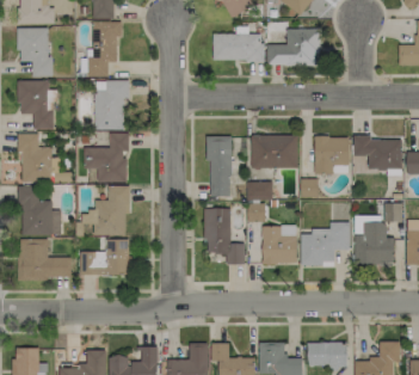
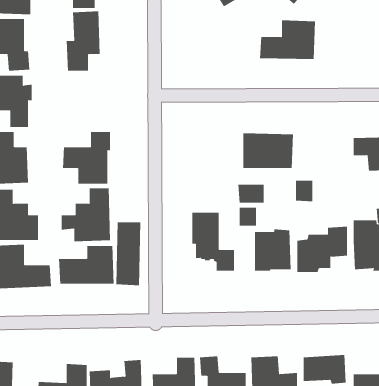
building: [211,33,263,61] -> none
building: [94,81,129,131] -> none
building: [208,137,232,197] -> [115,222,141,286]
building: [313,137,350,174] -> none

